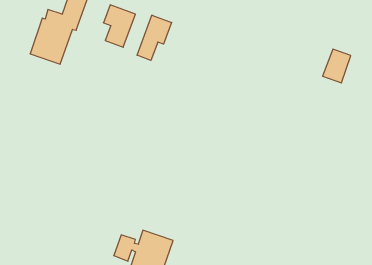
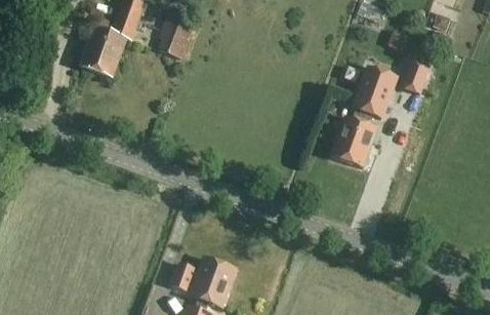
building: [137,15,172,60] -> none
building: none -> [331,65,396,166]

